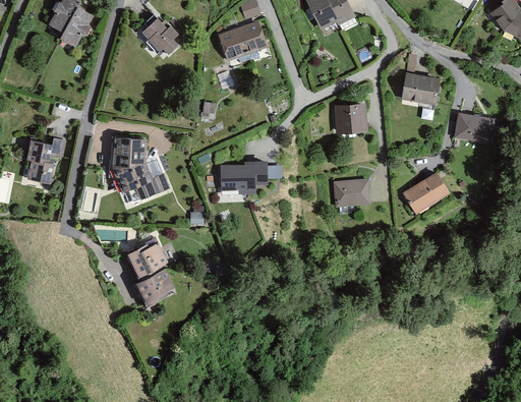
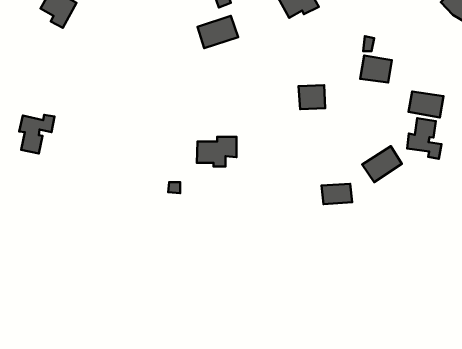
building: [142,17,177,52] -> none
building: [114,136,168,202] -> none
building: none -> [407,118,442,159]
building: [335,181,368,204] -> [322,184,352,204]
building: [127,238,171,302] -> none

